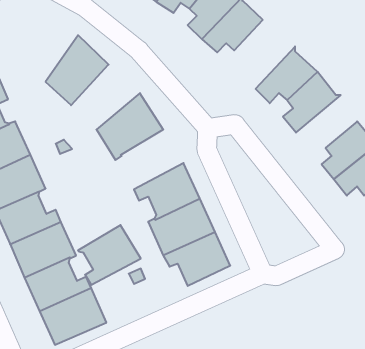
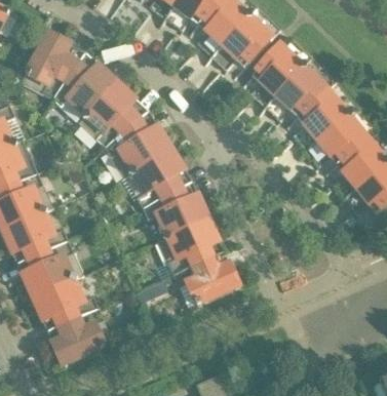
building: none -> [21,29,85,96]
building: none -> [249,42,305,104]
building: none -> [78,79,148,145]
building: none -> [306,110,367,163]
building: [78,225,141,285] -> [128,145,192,205]

